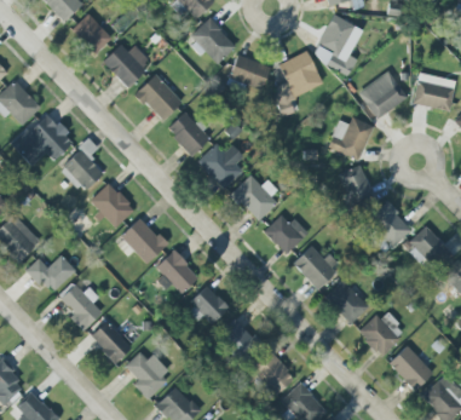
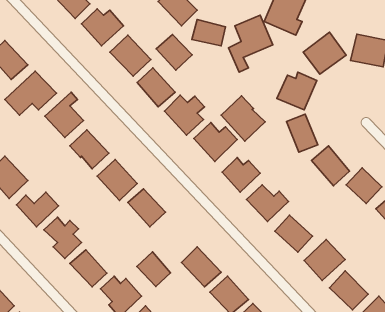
building: none -> [156,34,192,70]
building: none -> [221,96,265,141]
building: [190,284,229,324] -> [137,252,170,287]

